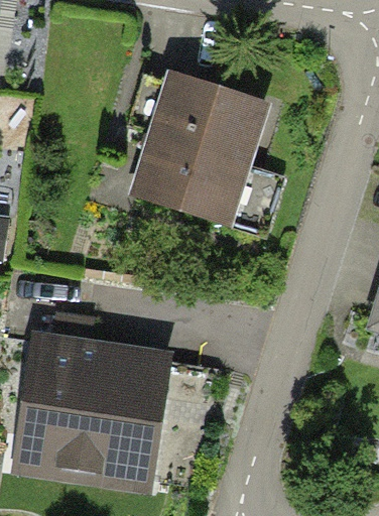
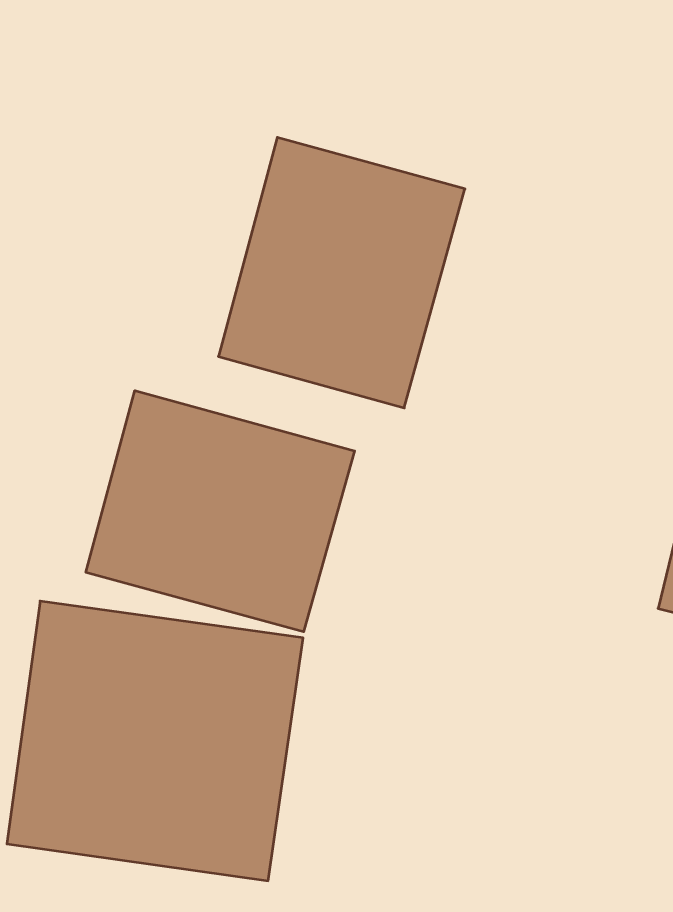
building: none -> [86,391,355,632]

